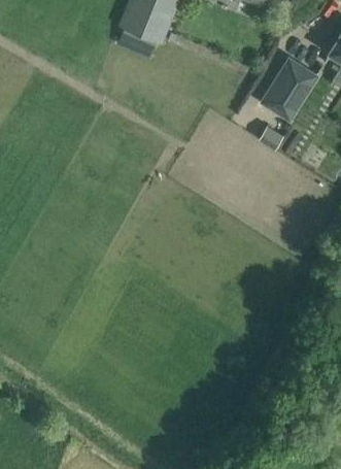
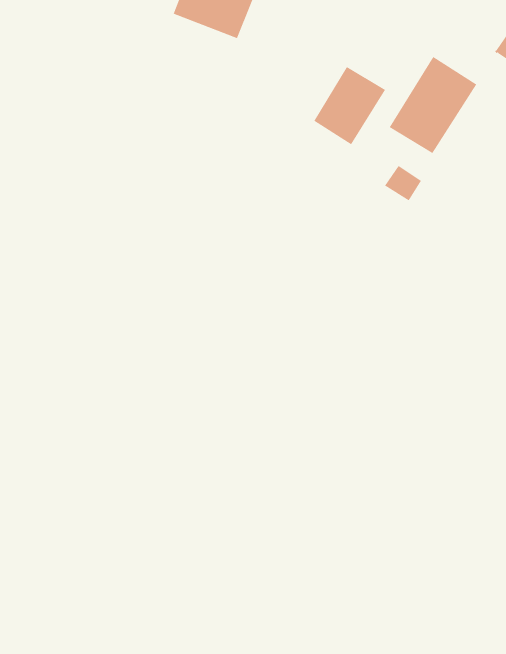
building: none -> [313,66,386,145]

